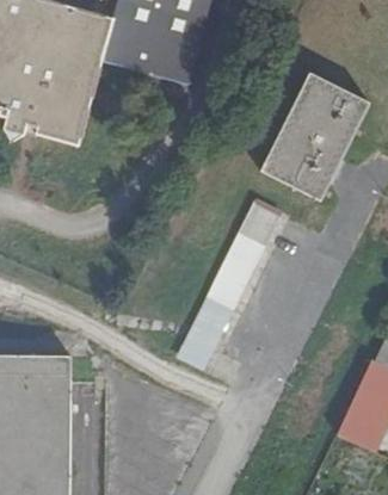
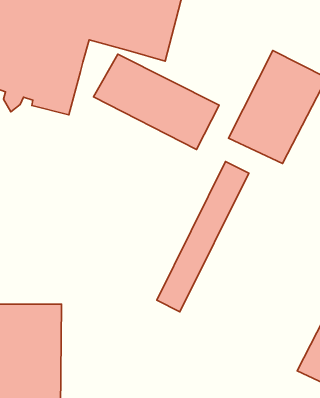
building: none -> [93,54,219,150]

